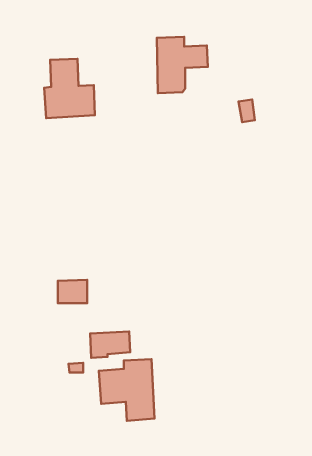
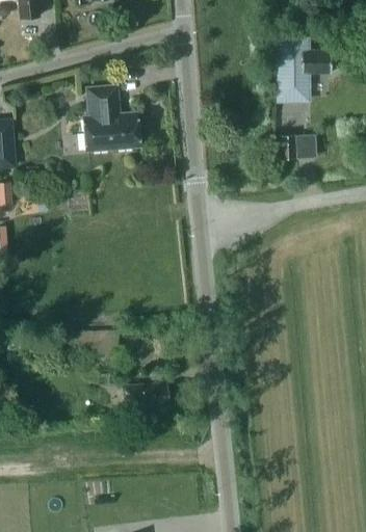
building: [157,37,208,93] -> [281,39,335,100]
building: [99,359,154,421] -> none

